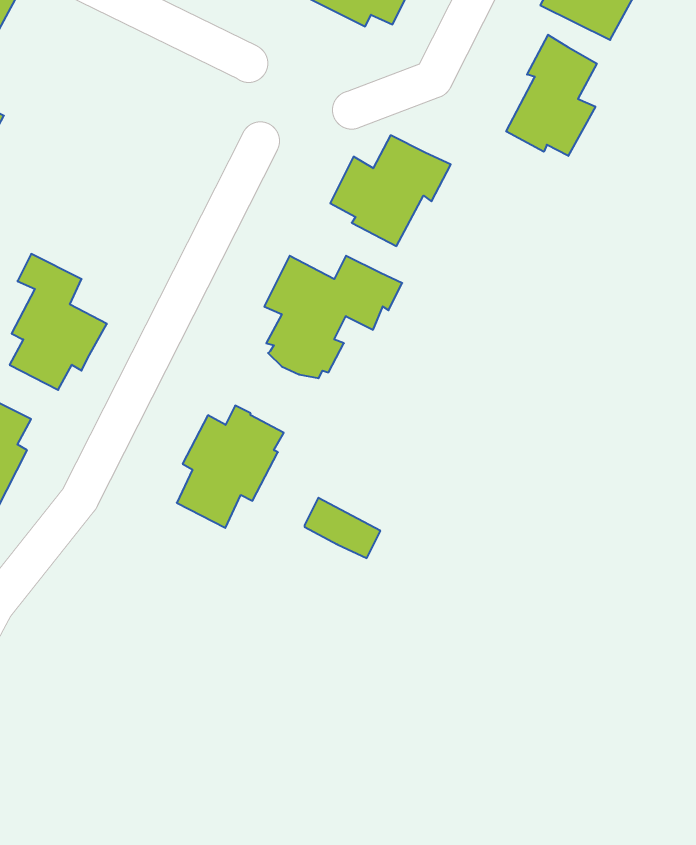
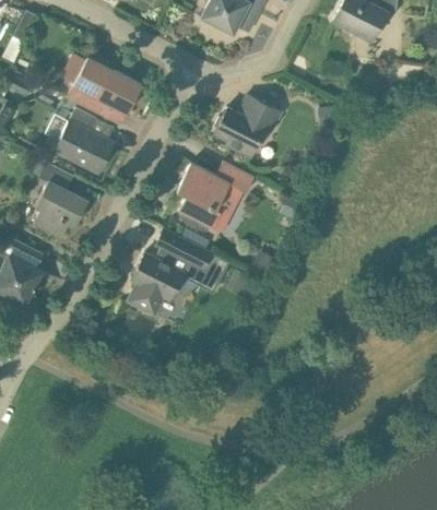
building: [506,35,597,156] -> none
building: none -> [67,55,142,115]
building: none -> [55,108,115,174]
building: [305,498,380,558] -> [169,236,212,270]

